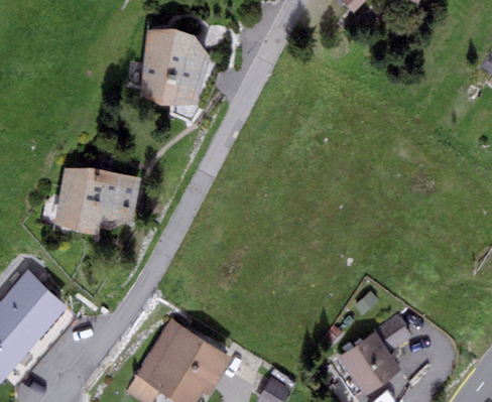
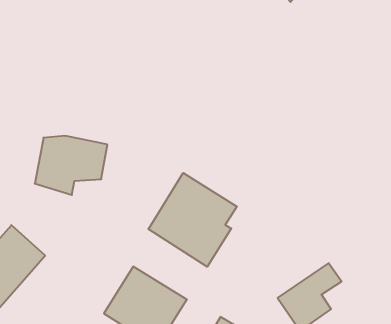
building: [138,29,209,105] -> none
building: none -> [148,173,237,267]

